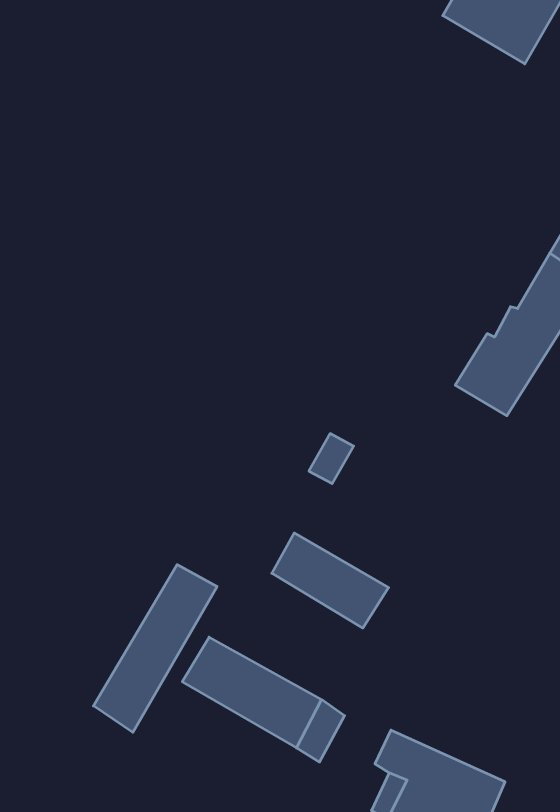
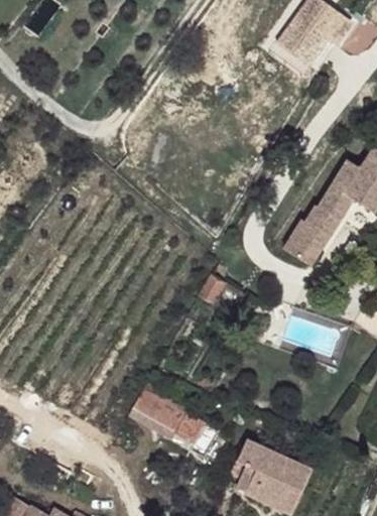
building: [272,533,389,628] -> none
building: [93,565,217,732] -> none

